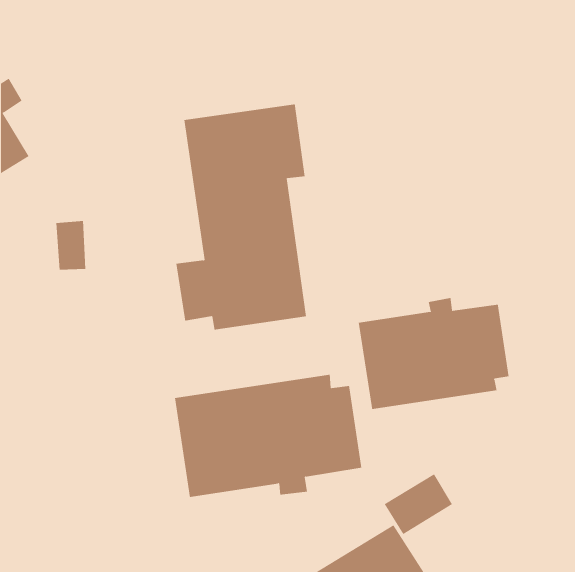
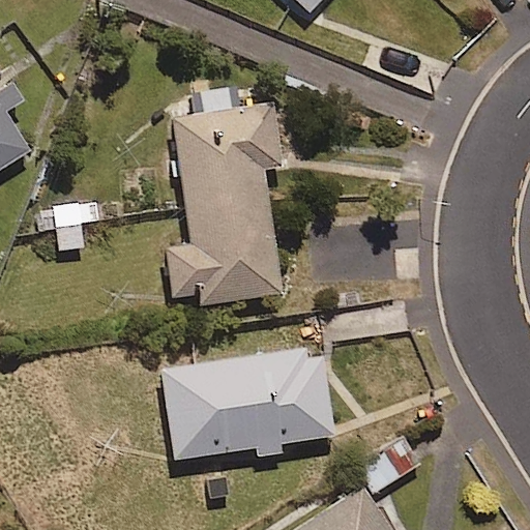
building: [358,297,509,410] -> none

